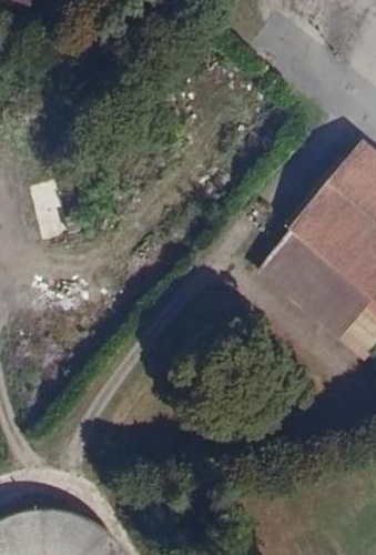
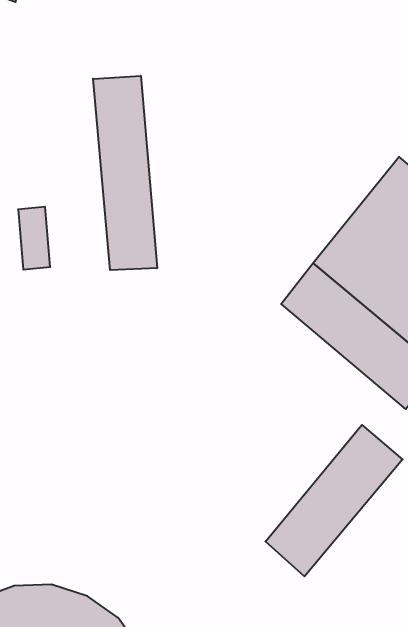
building: none -> [93,76,157,270]
building: none -> [265,425,403,576]

